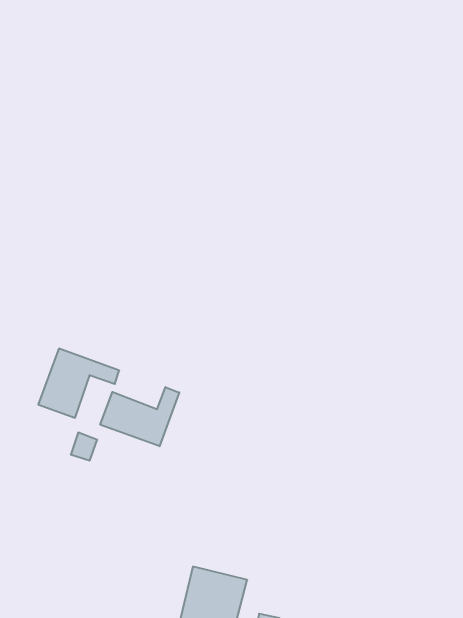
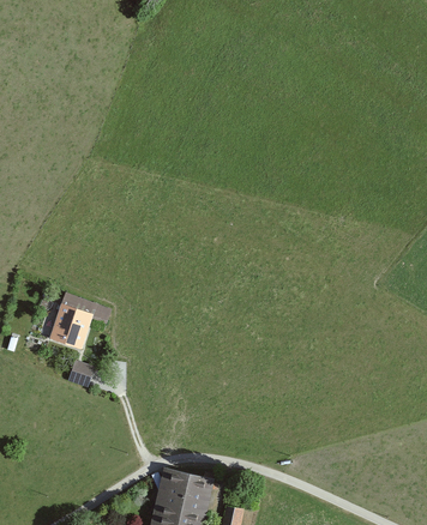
building: [100,387,179,446] -> none

